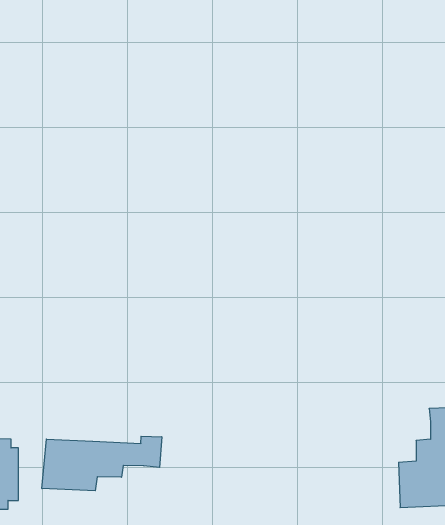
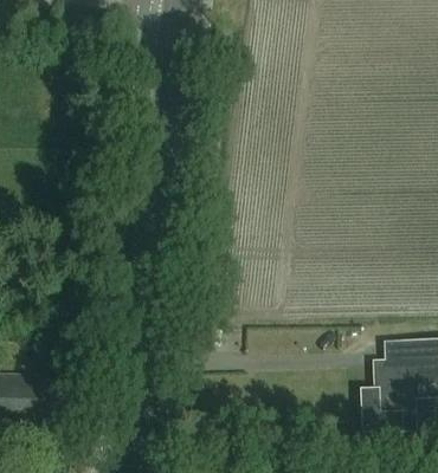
building: [42,436,162,491] -> none

